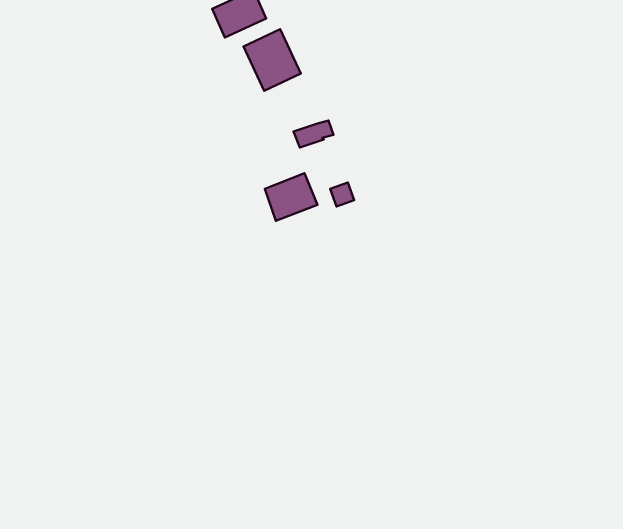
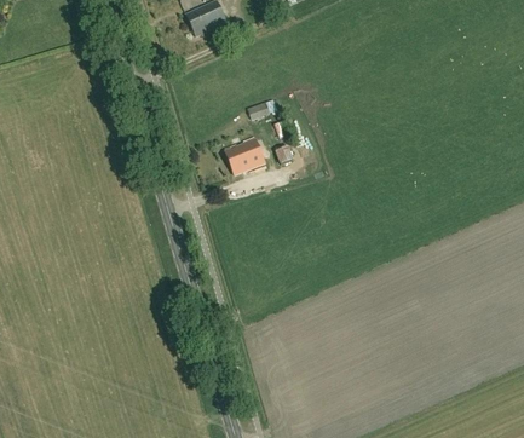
building: [244,29,301,91] -> none

